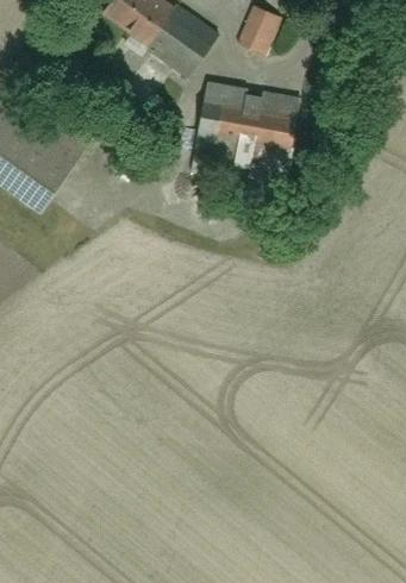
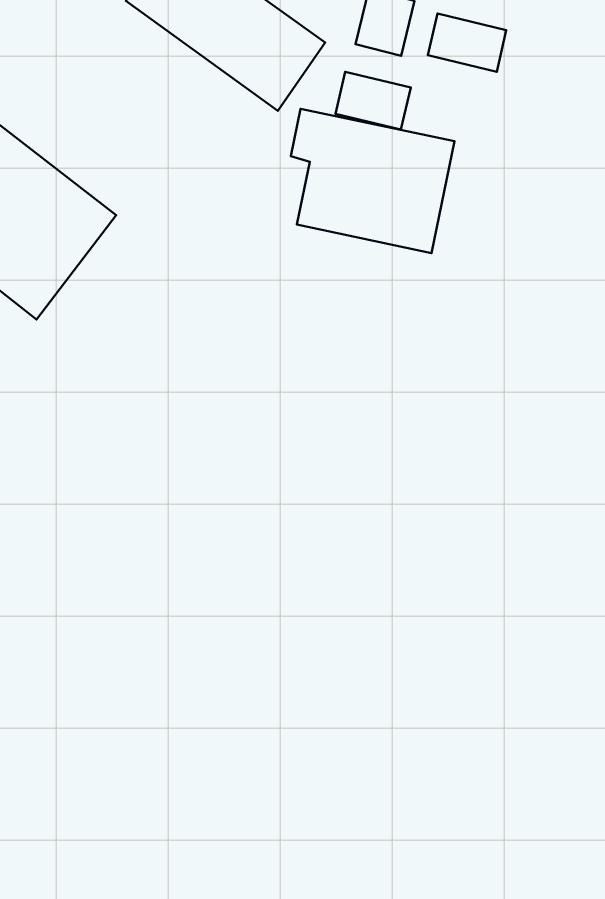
building: none -> [428,13,506,72]
building: none -> [335,72,411,130]

